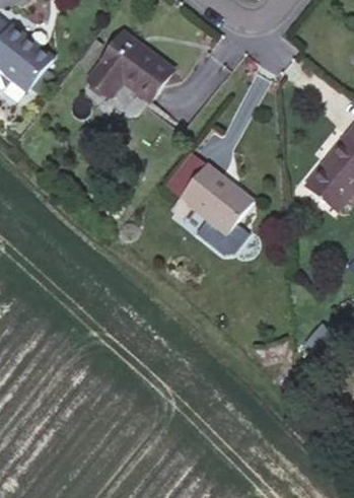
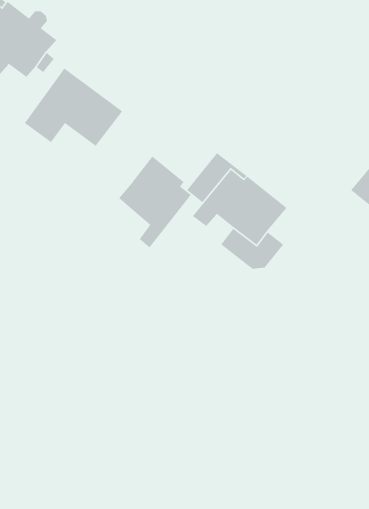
building: [88,31,173,99] -> [24,67,123,147]
building: none -> [118,156,192,249]

